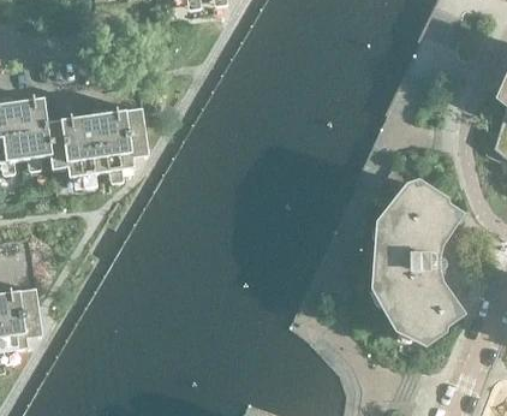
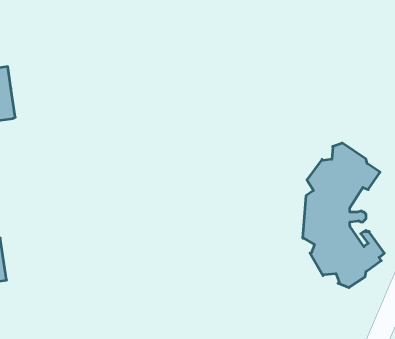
building: [48,107,149,177] -> none

